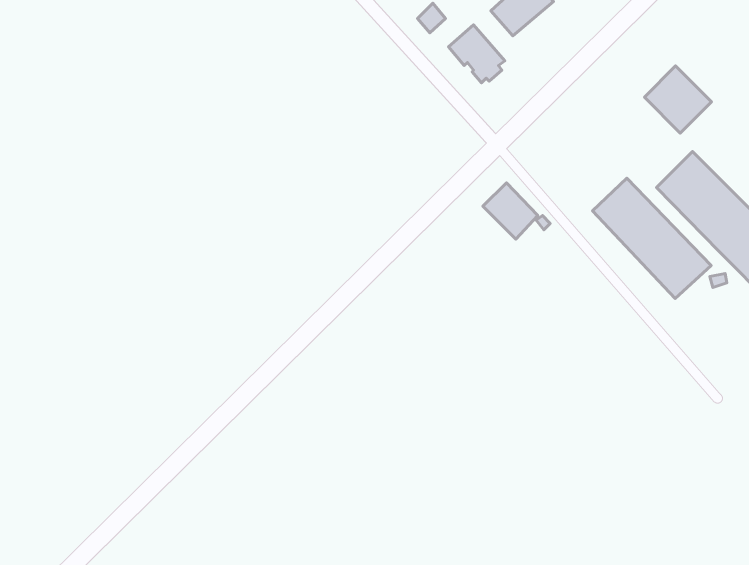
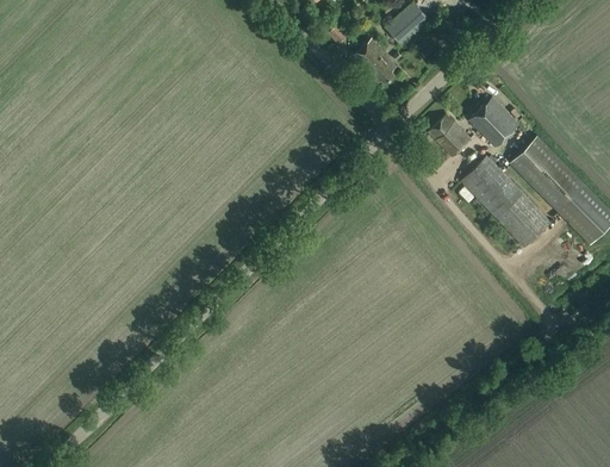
building: [644,66,712,133] -> [468,98,519,149]
building: [483,183,538,239] -> [427,112,468,155]

